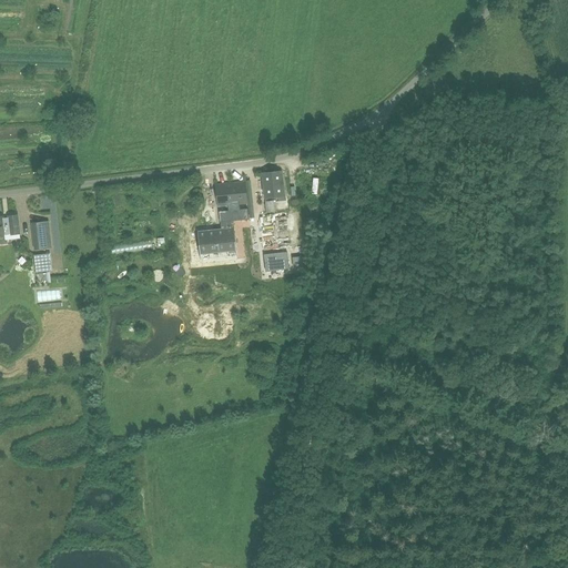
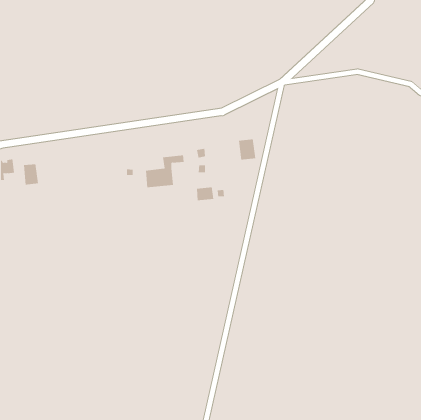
building: [261,171,285,200] -> [238,139,256,160]
building: [216,183,246,207] -> none

